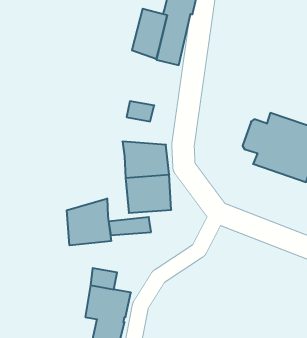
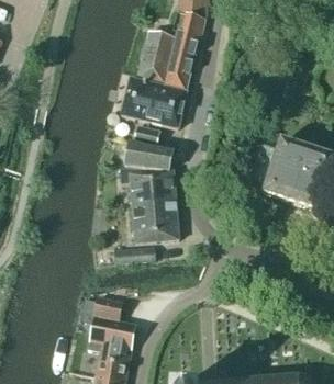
building: none -> [121,77,187,127]
building: none -> [125,142,175,170]
building: [67,198,111,245] -> none

